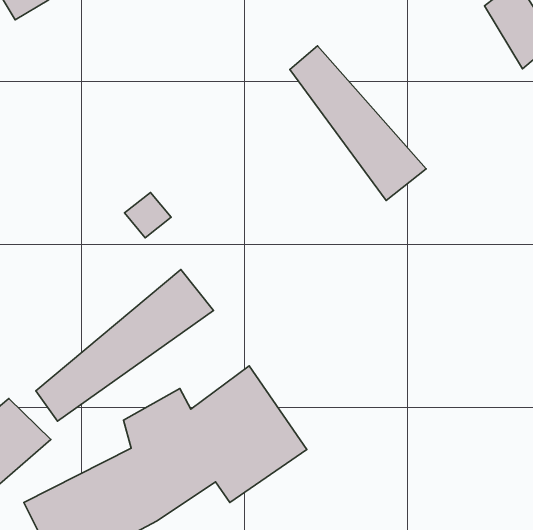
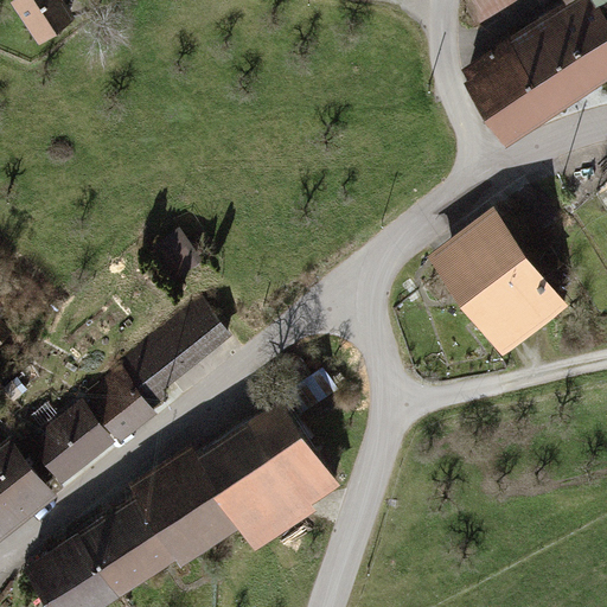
building: none -> [464,18,573,133]
building: [290,46,426,200] -> none
building: none -> [440,210,566,351]

